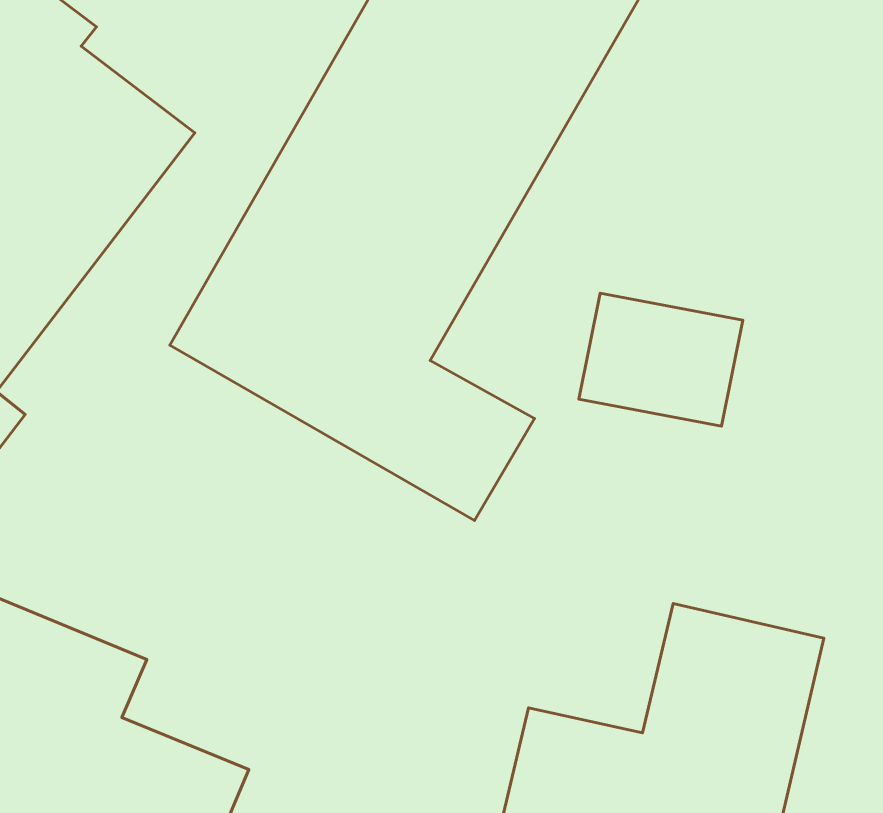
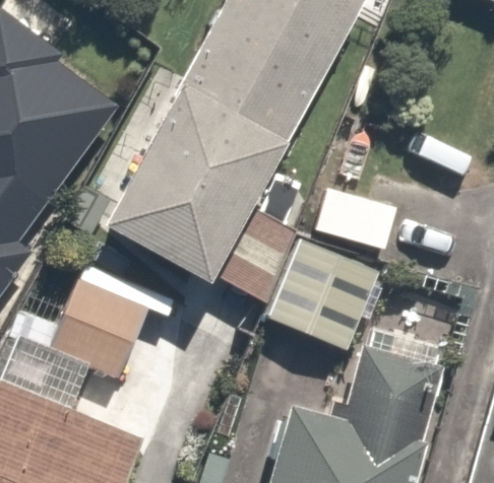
building: none -> [269,241,385,353]
building: none -> [51,285,152,381]

